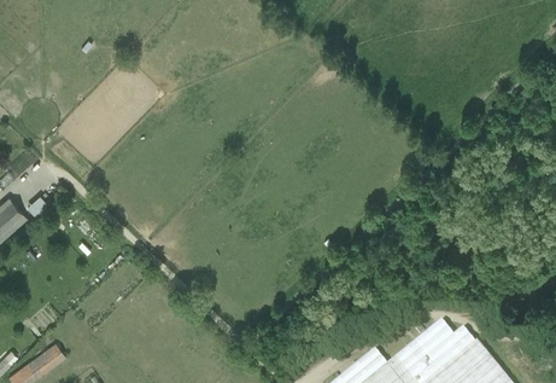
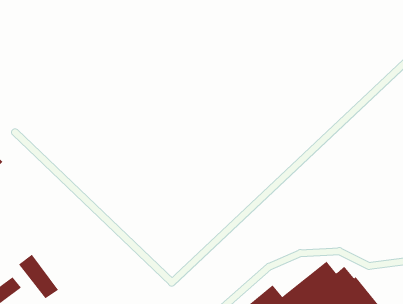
building: none -> [18,254,59,299]

